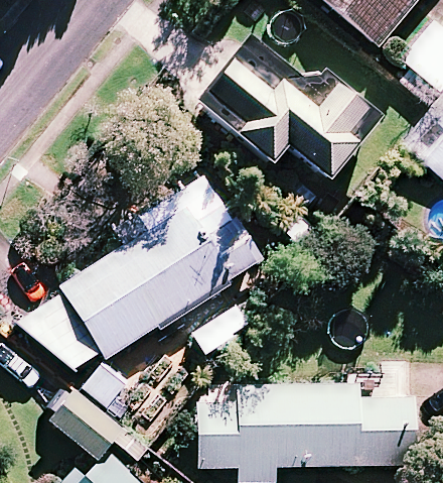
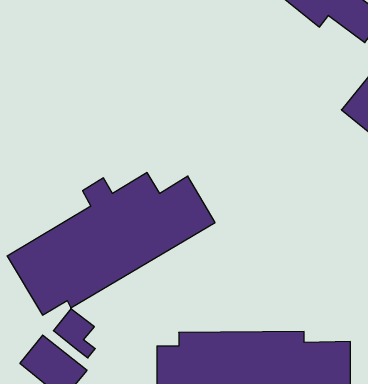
building: [197,44,379,186] -> none

